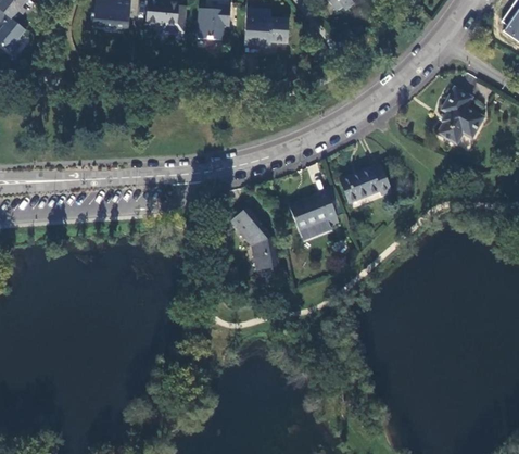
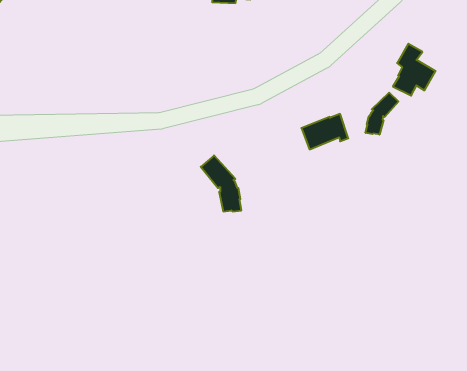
building: none -> [366,93,398,135]
building: [290,191,341,231] -> none

